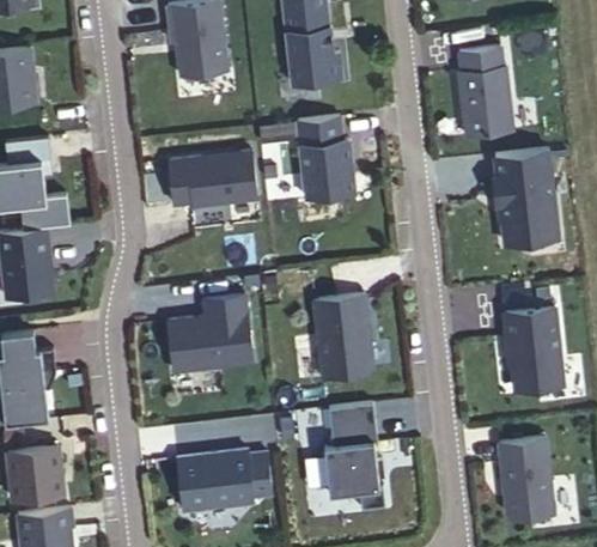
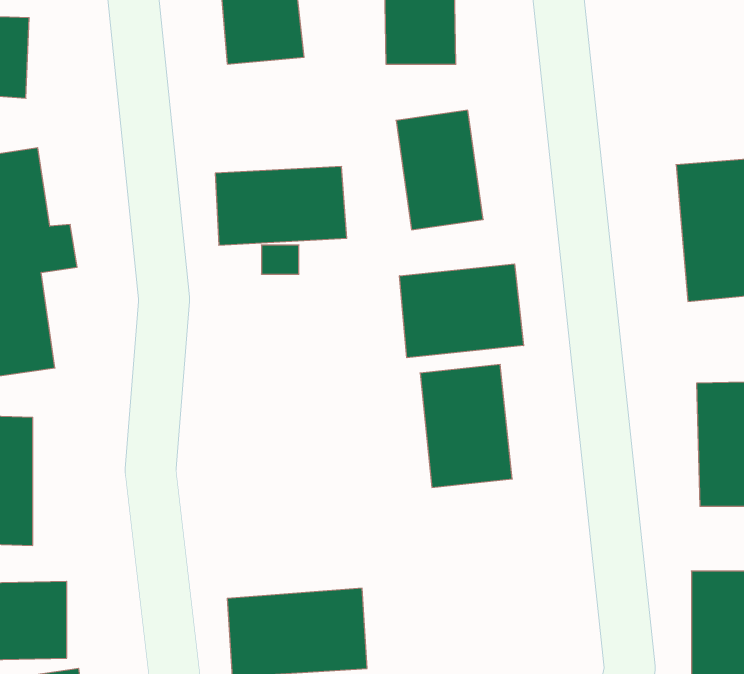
building: [456,47,512,135] -> none
building: none -> [400,264,524,358]
building: [164,293,254,376] -> none
building: [322,405,379,492] -> none

